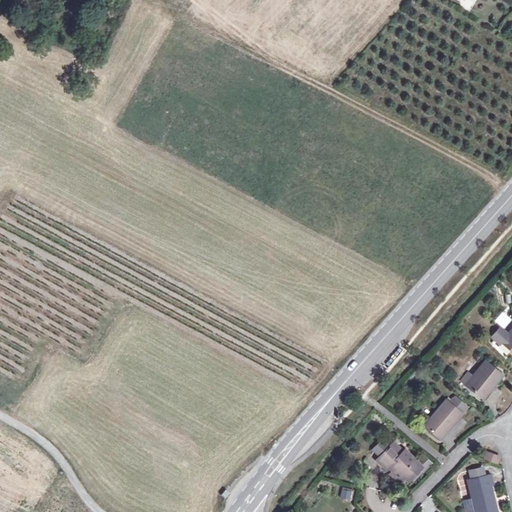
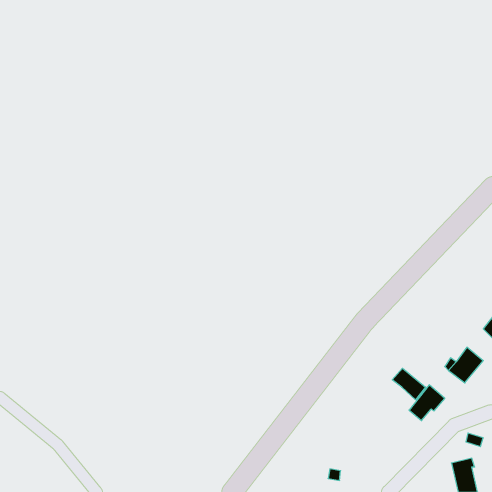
building: none -> [392,368,426,400]
building: [379,444,422,483] -> none

